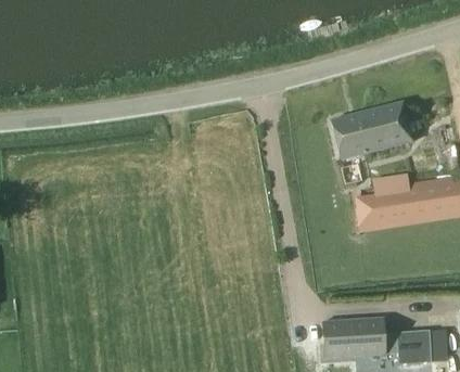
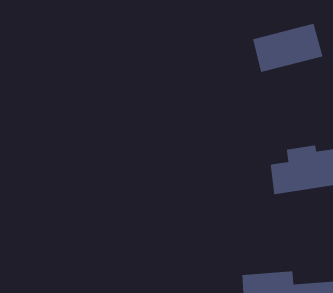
building: [331,101,413,158] -> [252,23,324,73]

